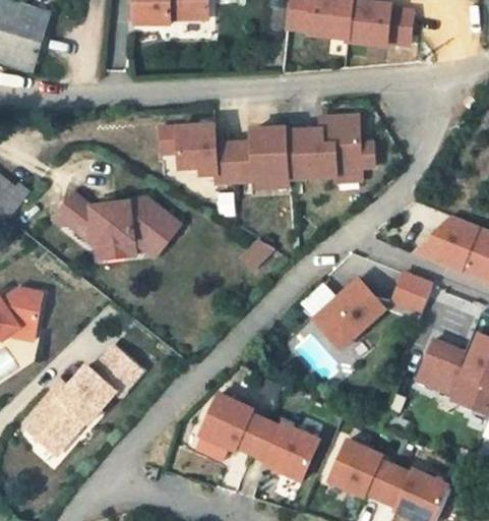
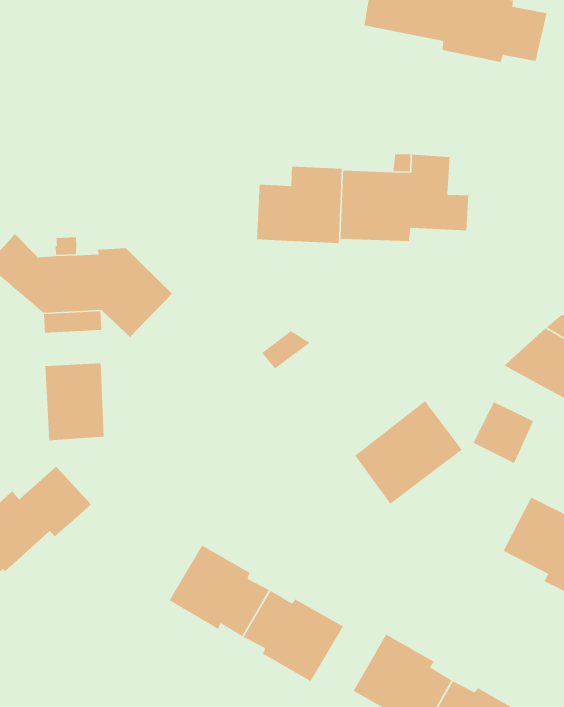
building: [159,126,233,184] -> none
building: none -> [44,362,105,441]

